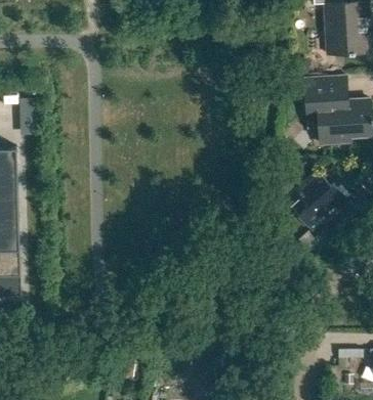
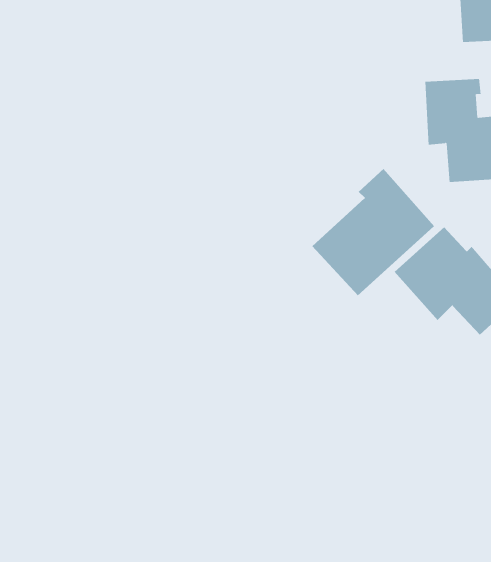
building: none -> [312,168,435,296]

